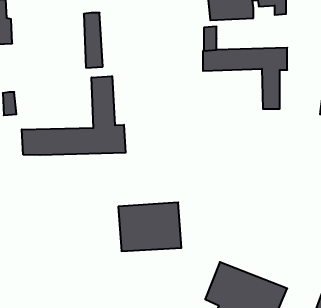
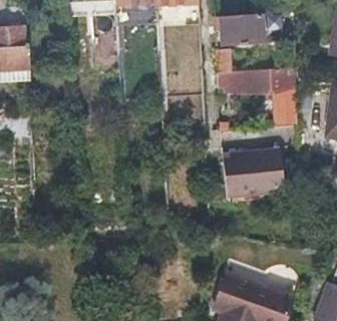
building: [22,76,126,155] -> none
building: [118,202,181,251] -> [224,149,284,196]

